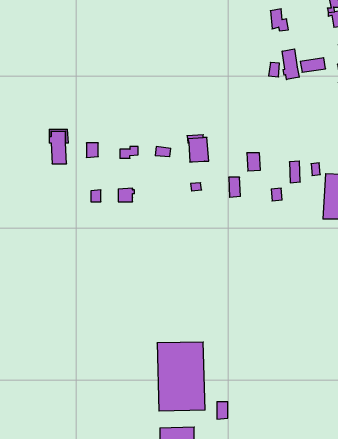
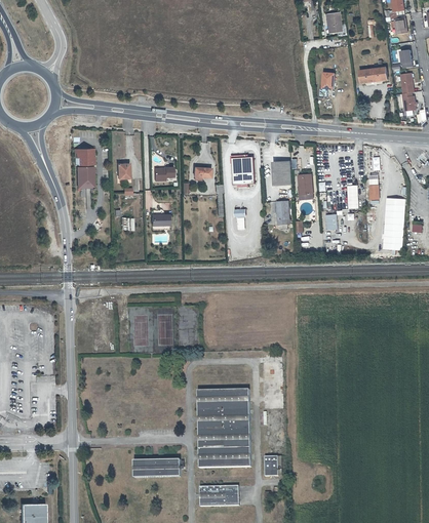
building: [282,49,299,80] -> none
building: none -> [271,161,291,186]
building: none -> [131,458,178,476]

